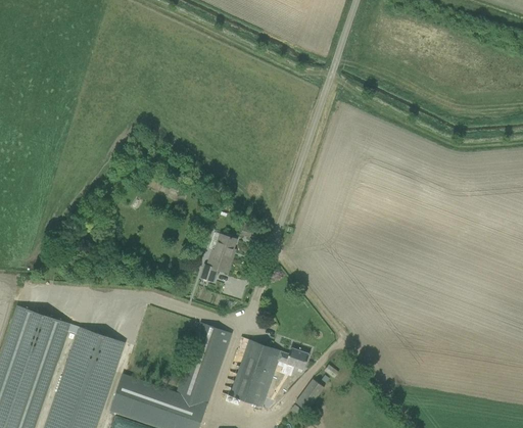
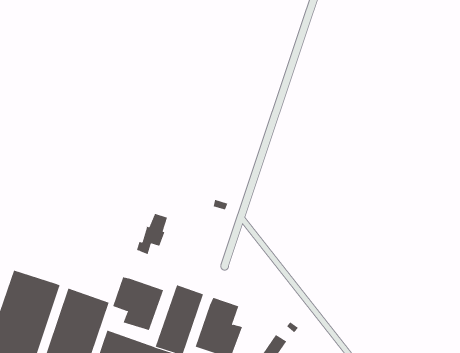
building: [200,236,236,283] -> [136,213,168,255]
building: none -> [112,277,164,331]
building: [264,348,308,372] -> none

